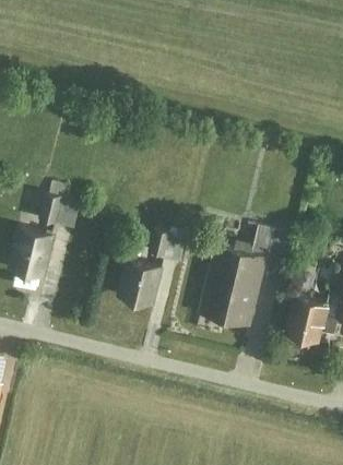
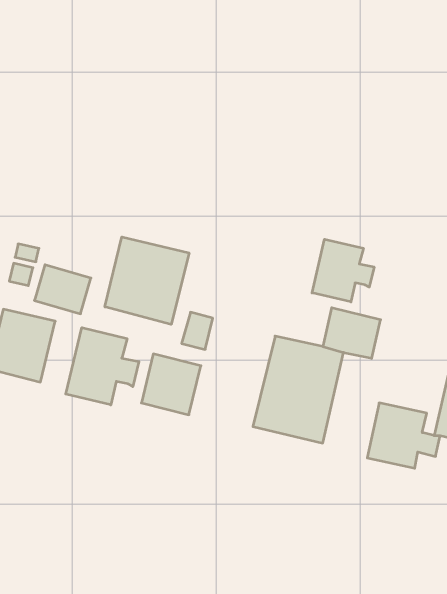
building: none -> [105,237,189,324]
building: none -> [312,239,374,302]
building: none -> [66,328,139,405]

